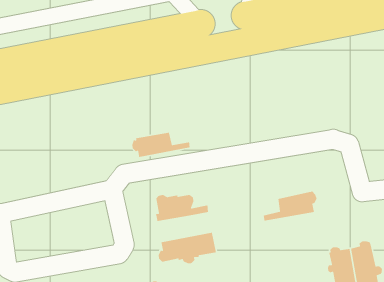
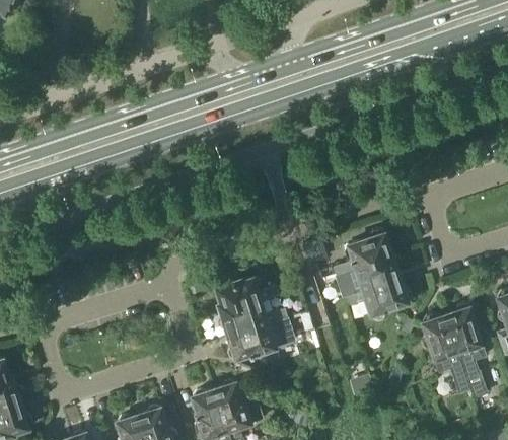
building: [131,132,191,158] -> [218,302,286,337]
building: none -> [333,229,391,276]
building: none -> [343,280,411,321]

